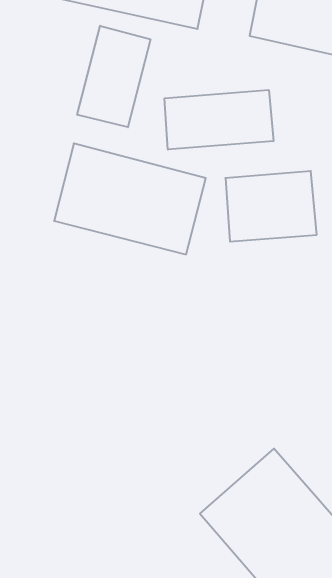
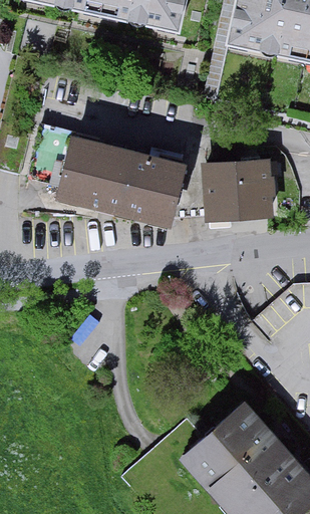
building: [77,26,150,127] -> none
building: [165,90,273,150] -> none

